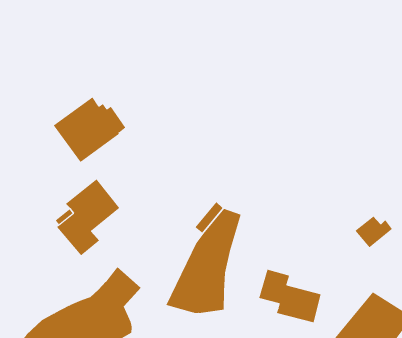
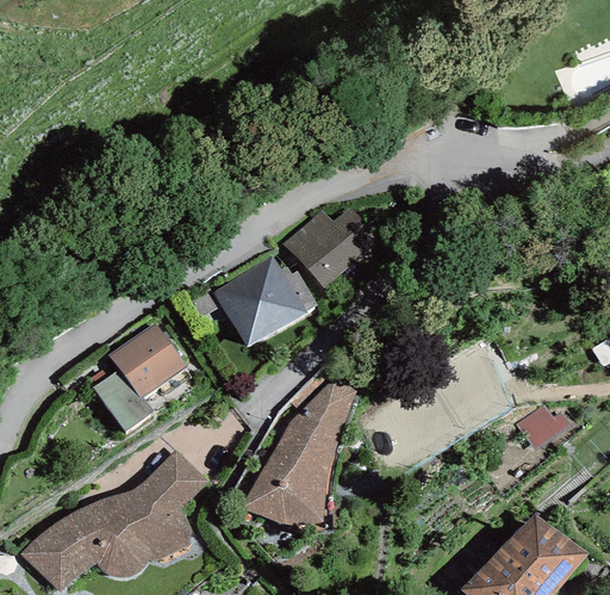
building: none -> [284,204,381,287]
building: [53,97,126,163] -> [213,255,317,348]
building: [258,269,321,323] -> none

